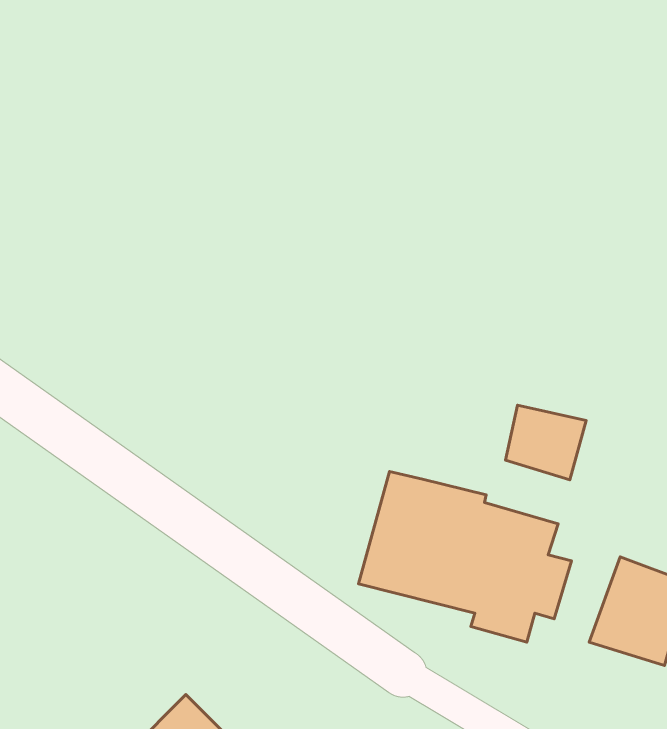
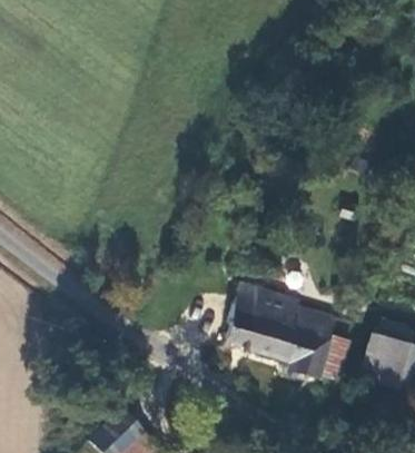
building: [506,405,586,480] -> none

